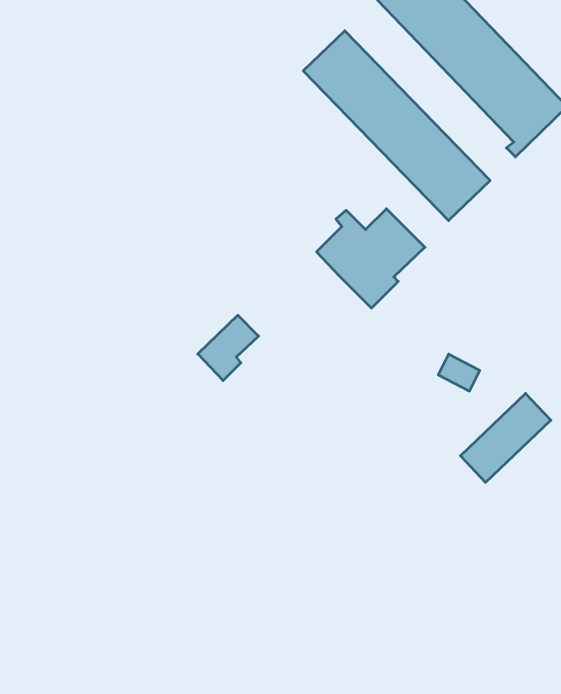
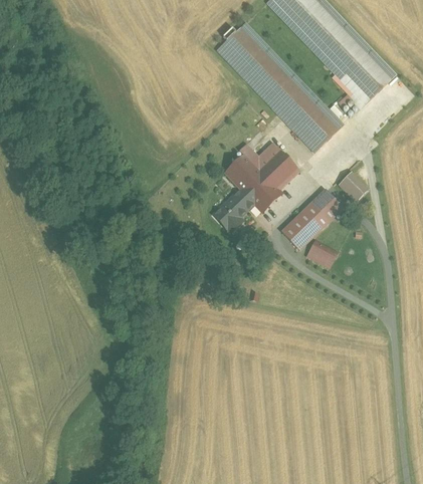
building: none -> [339,171,369,201]
building: [198,315,259,381] -> [213,188,254,232]
building: [460,393,551,482] -> [281,189,343,249]

